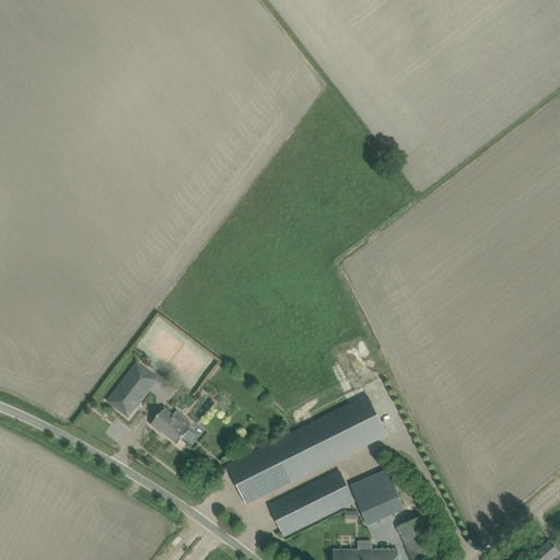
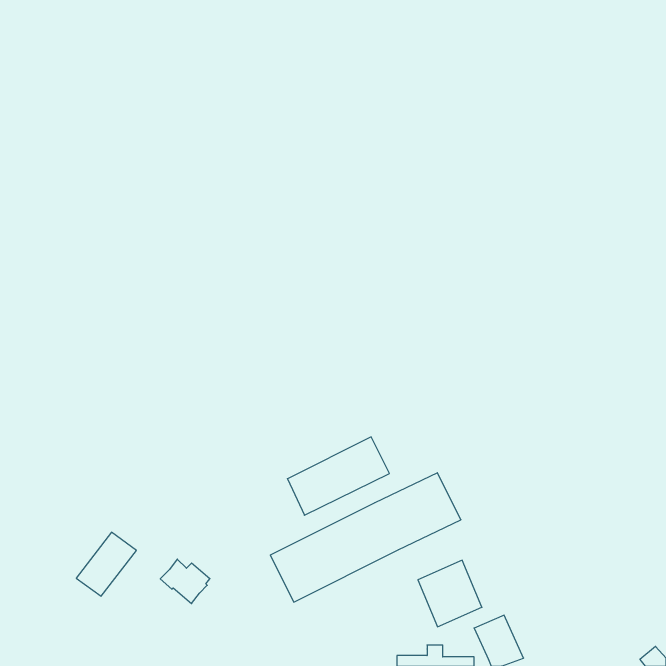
building: [107,363,158,417] -> [76,532,136,596]
building: [150,407,191,444] -> [160,559,210,604]
building: [269,470,354,536] -> [287,437,389,515]

